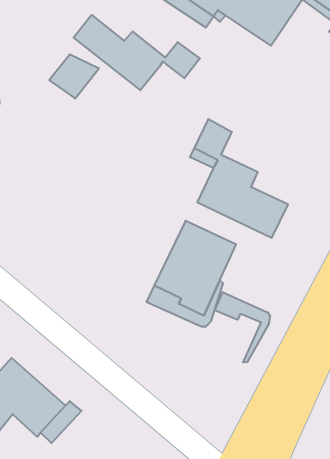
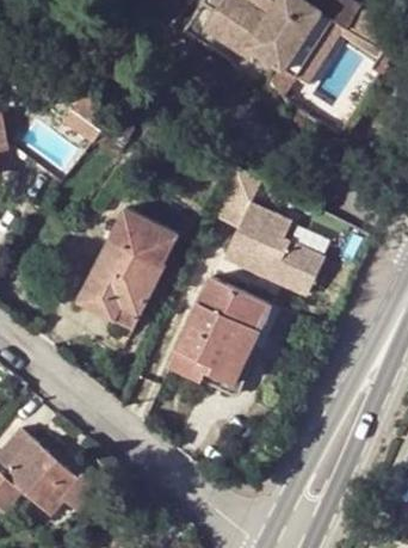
building: [74,15,200,90] -> none
building: none -> [76,209,174,326]
building: [215,292,270,363] -> none

